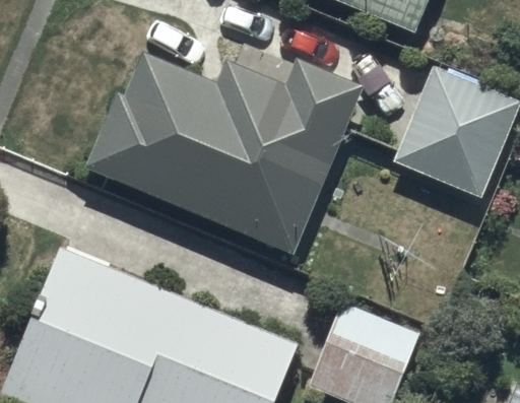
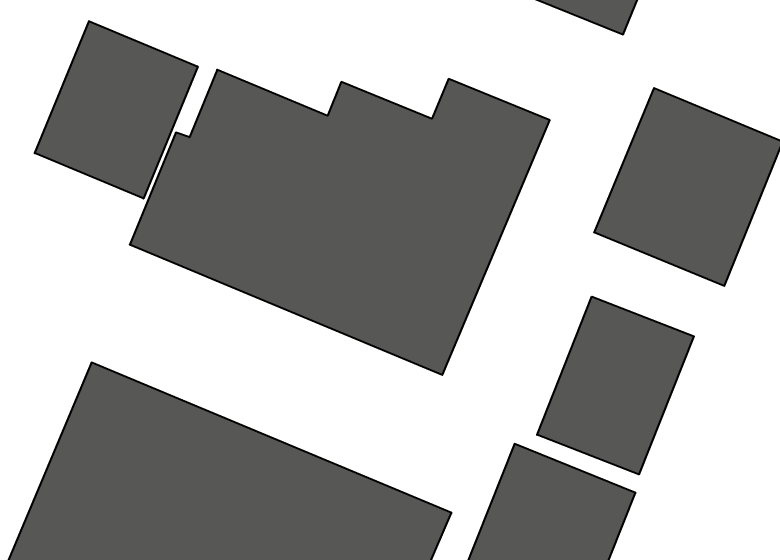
building: none -> [35,21,198,199]
building: none -> [537,297,694,474]

